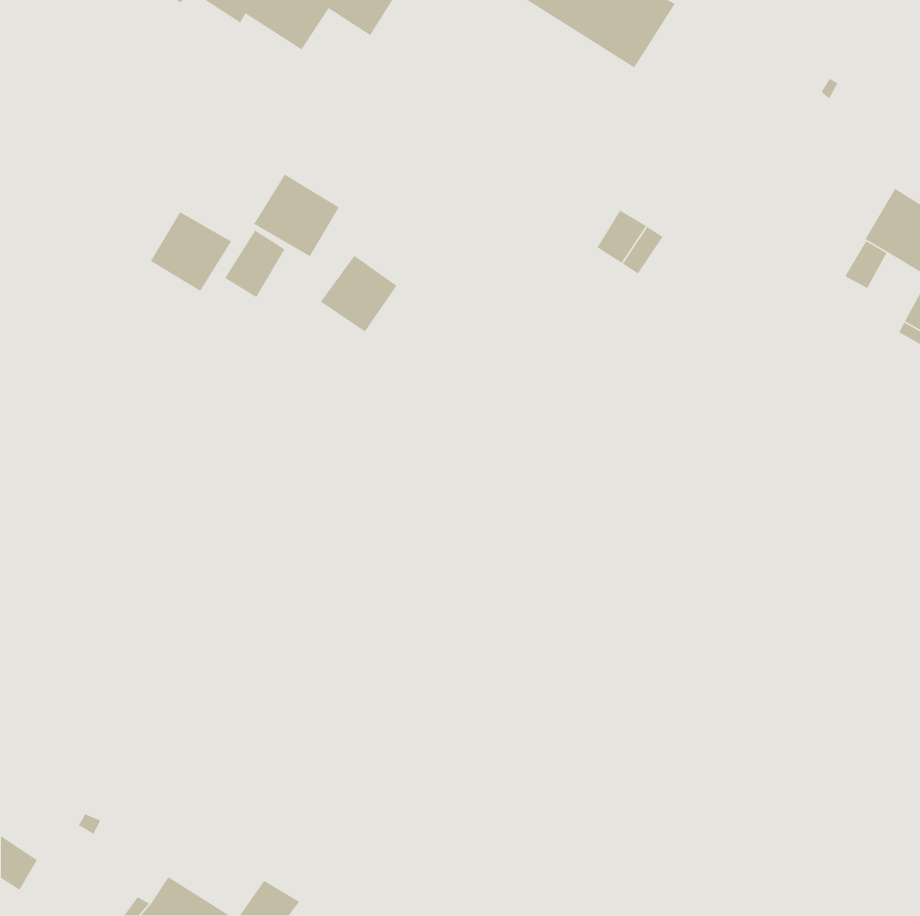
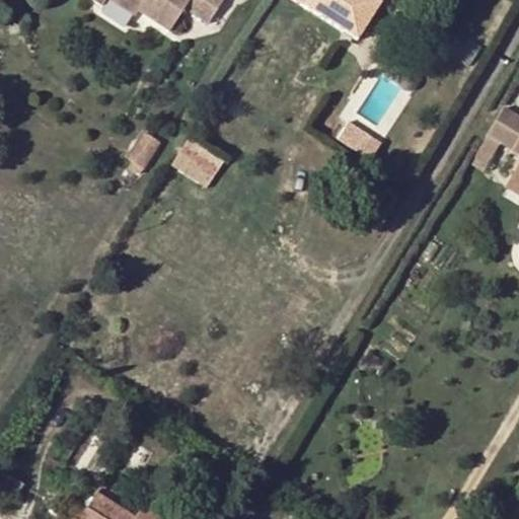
building: [253,174,340,257] -> none
building: [150,211,232,292] -> none

